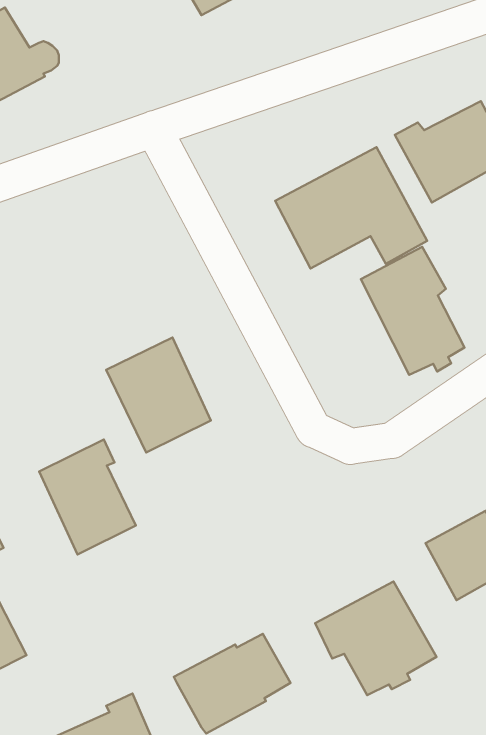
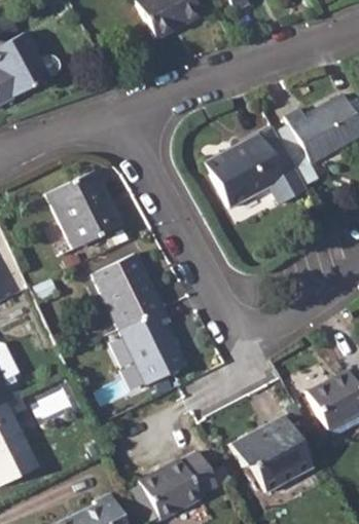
building: none -> [46,171,122,250]
building: [361,247,465,375] -> none
building: [39,439,136,555] -> [119,308,184,385]

